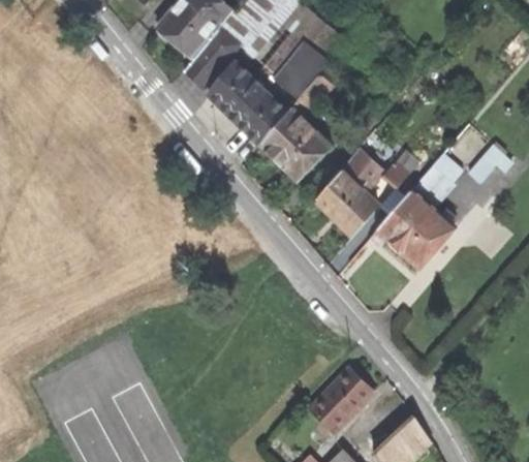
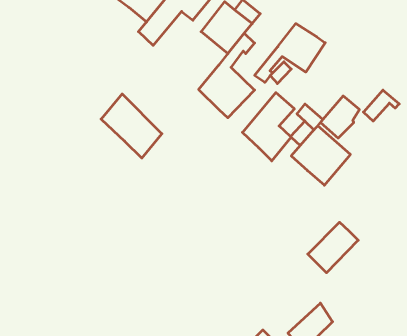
building: none -> [255,24,325,82]
building: [208,62,285,144] -> [101,94,162,158]
building: [309,367,373,431] -> [308,222,358,273]

